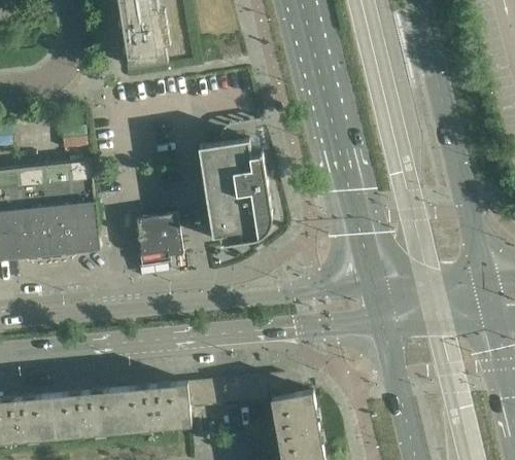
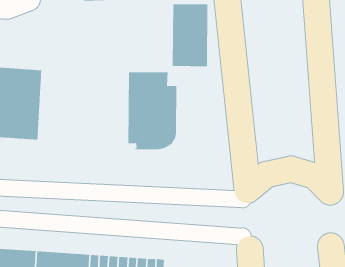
building: none -> [172,3,208,67]
building: [136,216,182,261] -> none

